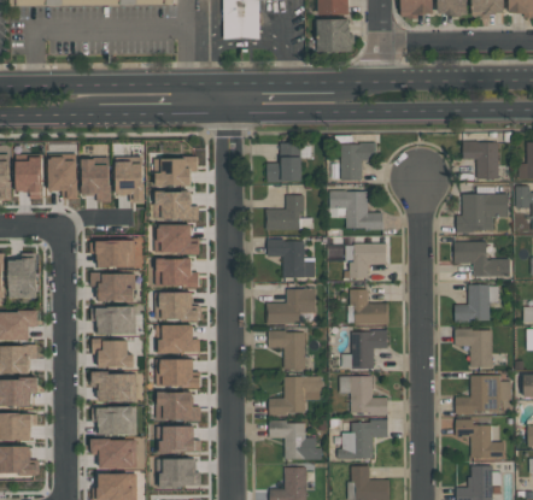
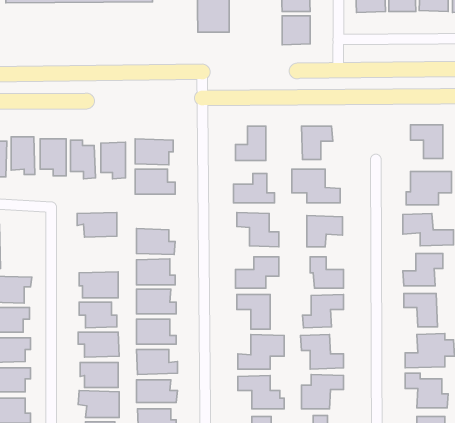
building: [154,225,200,254] -> none
building: [8,259,36,299] -> none
building: [90,273,134,301] -> none

